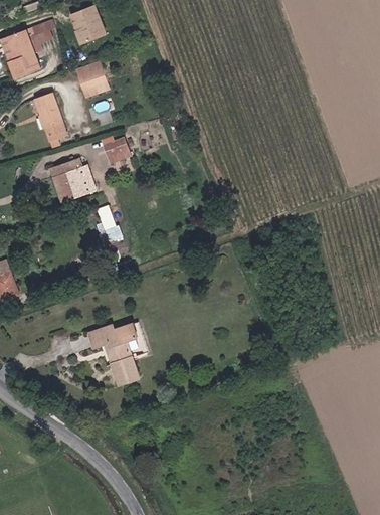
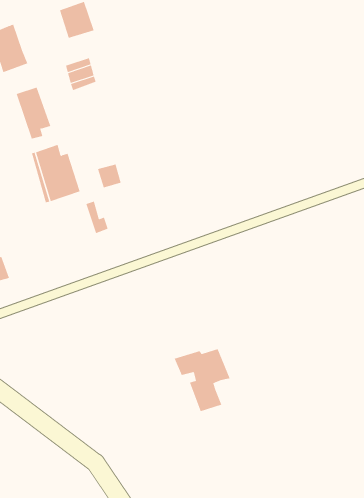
building: [26,19,55,55] -> none
building: [102,135,126,159] -> [97,164,121,188]
building: [94,323,151,386] -> [174,348,230,412]

